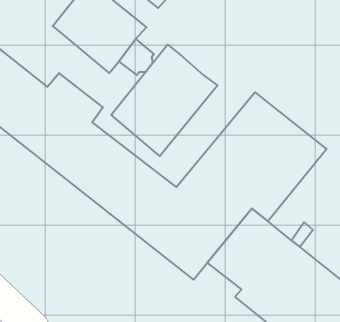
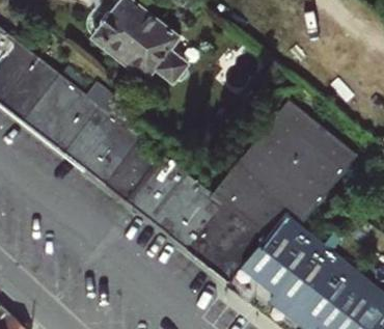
building: [111,45,218,156] -> none

